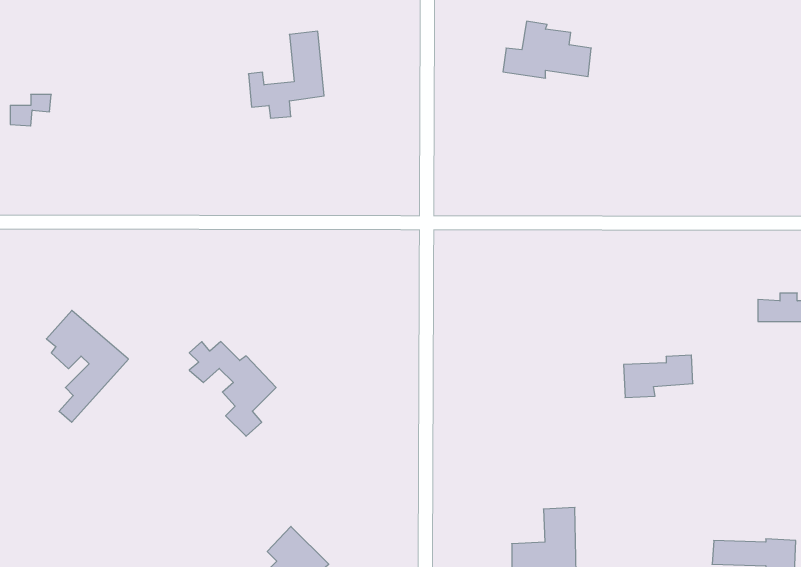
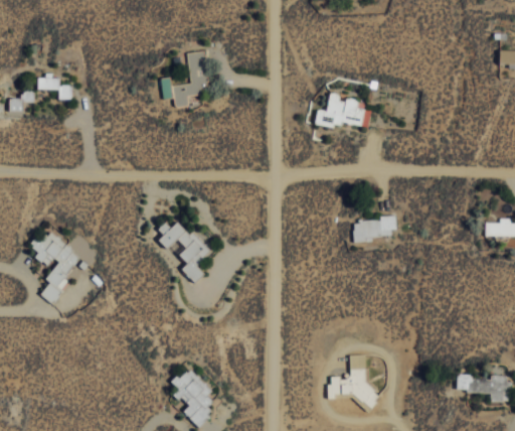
building: [503,21,591,78] -> [314,93,370,129]
building: none -> [36,76,71,100]
building: [189,342,276,436] -> [157,223,212,283]
building: [624,355,693,398] -> [352,215,396,243]

